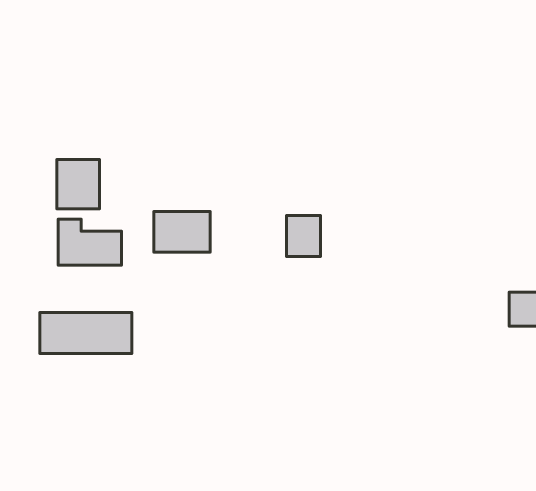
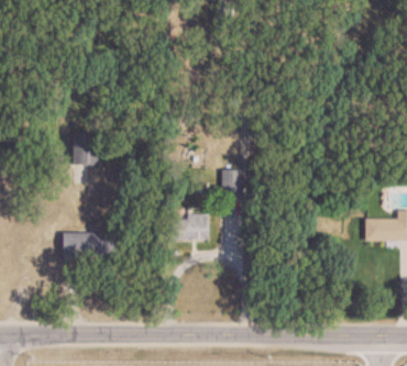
building: [154,211,210,252] -> [173,213,209,240]
building: [58,219,121,265] -> none

